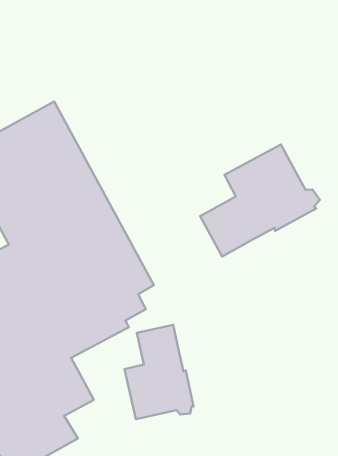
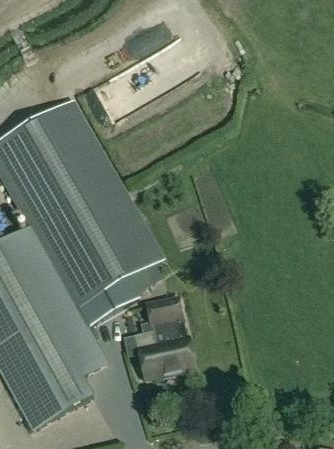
building: [200,145,320,256] -> none

